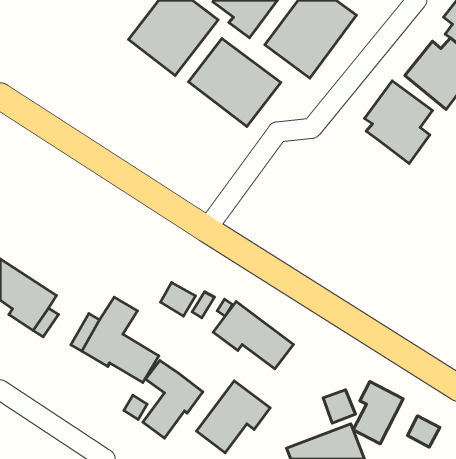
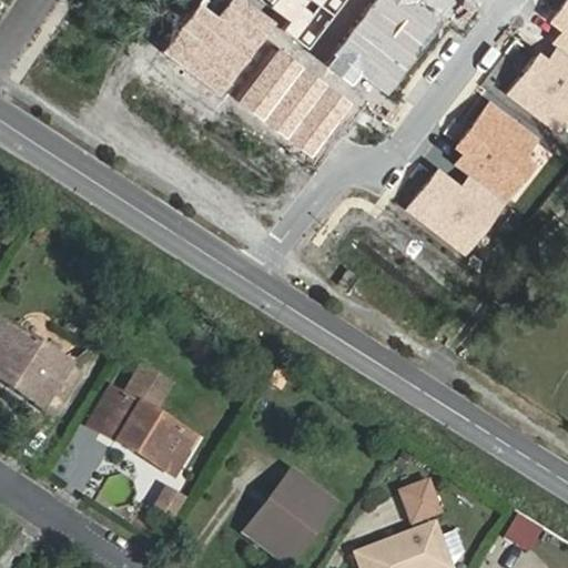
building: none -> [404,169,509,258]
building: [161,283,196,316] -> none
building: [213,302,293,369] -> none
building: [143,360,203,438] -> none
building: [353,382,403,444] -> none

